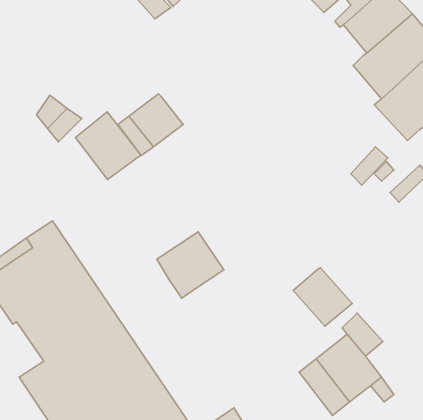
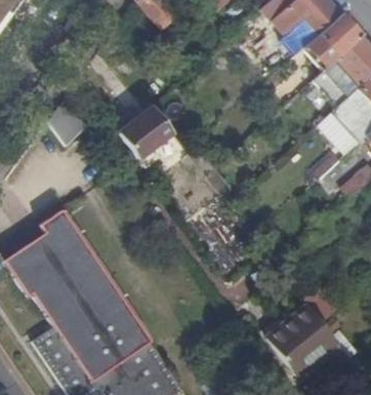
building: [75,112,141,179] -> none
building: [157,232,224,298] -> none
building: [293,268,352,326] -> none

